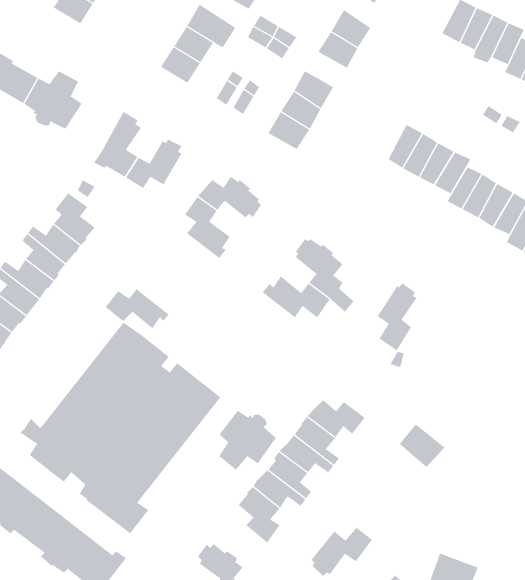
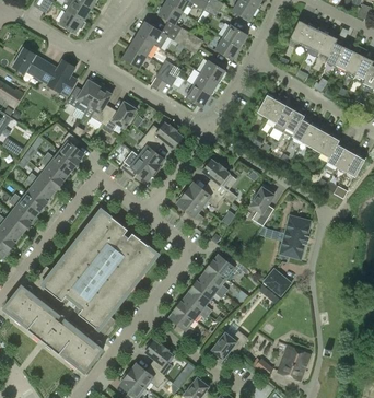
building: none -> [67,80,101,113]
building: [105,288,169,329] -> [119,156,157,180]
building: none -> [176,191,203,227]
building: none -> [279,215,311,259]
building: [219,410,277,471] -> none

